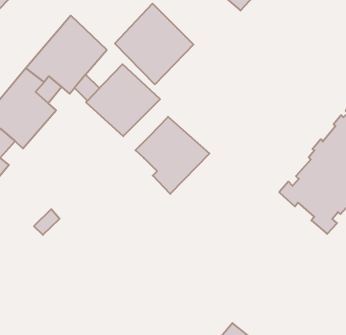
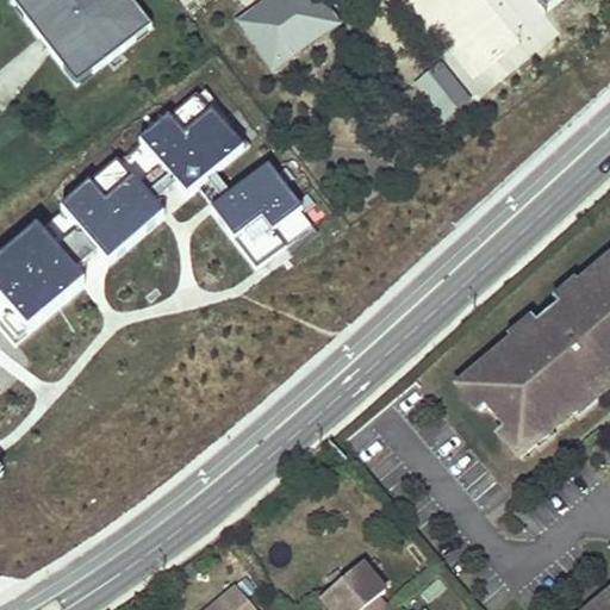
building: [115,4,193,84] -> none
building: [135,117,209,194] -> none

